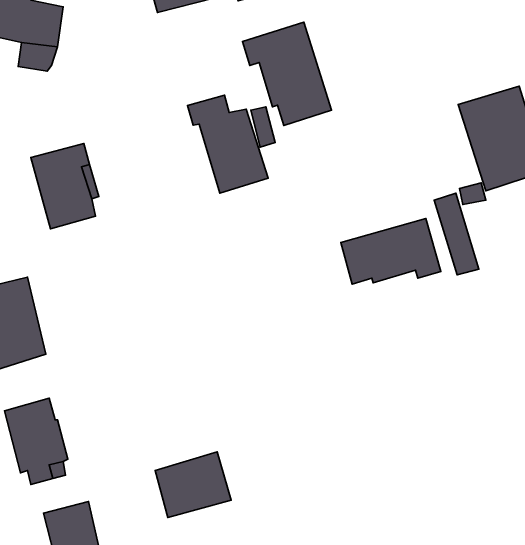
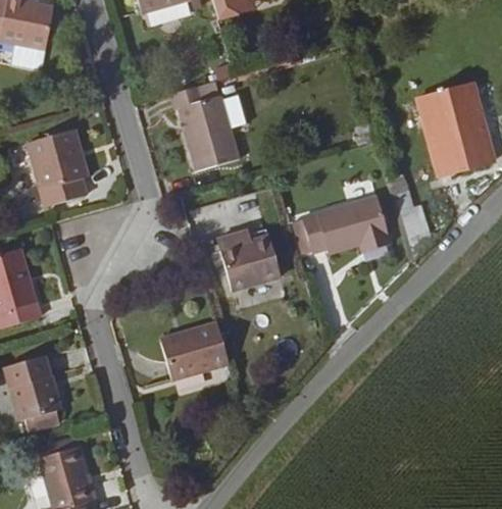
building: [243,22,332,125] -> none
building: none -> [220,238,281,292]
building: [155,452,231,518] -> [161,321,229,379]

